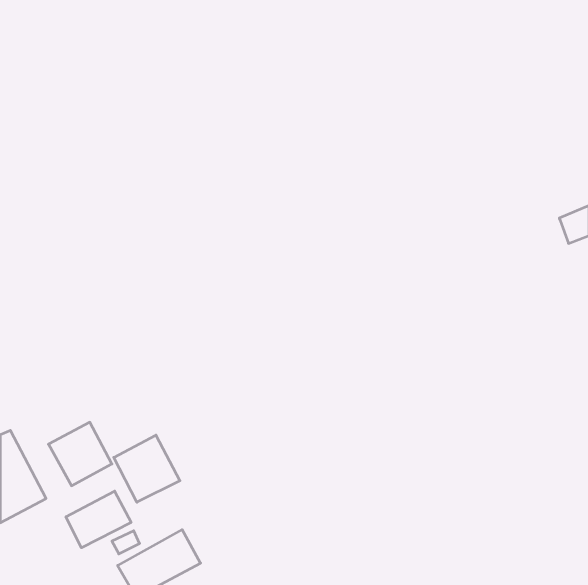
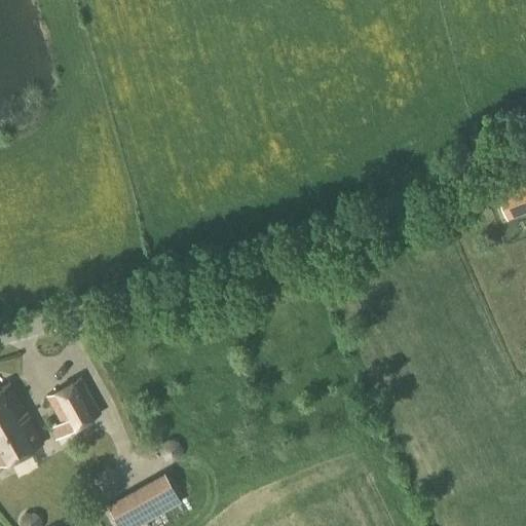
building: [114,435,180,502] -> none
building: [66,491,131,548] -> none

